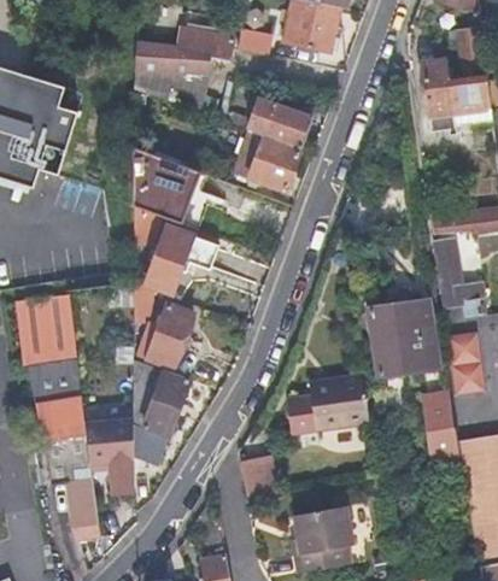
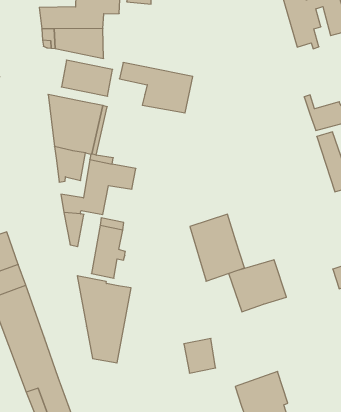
building: [251,99,314,148] -> [61,60,113,96]
building: [370,301,426,375] -> [190,214,244,281]
building: [82,418,135,497] -> none

